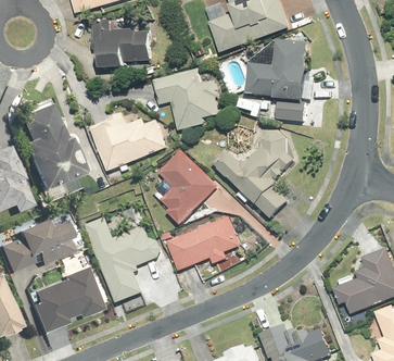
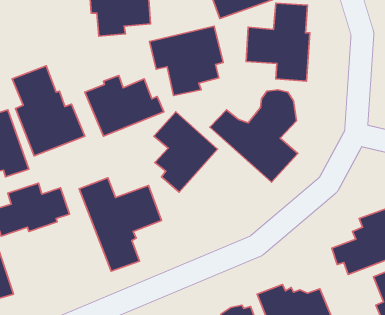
building: [164,215,240,269] -> none
building: [25,267,99,334] -> none

